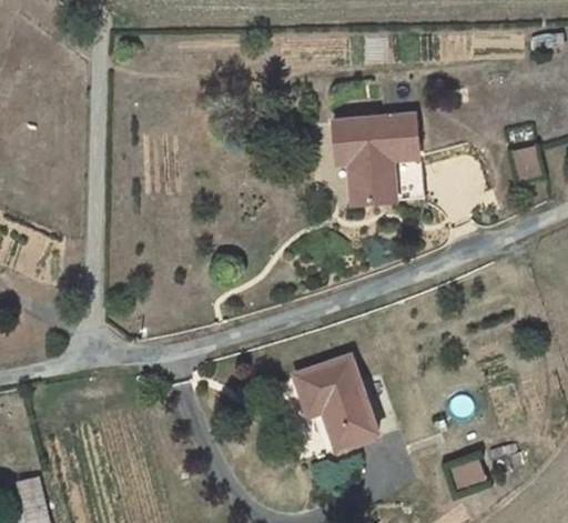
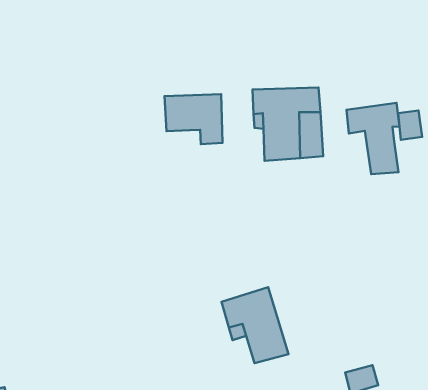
building: none -> [164,94,223,144]
building: none -> [347,103,400,174]

